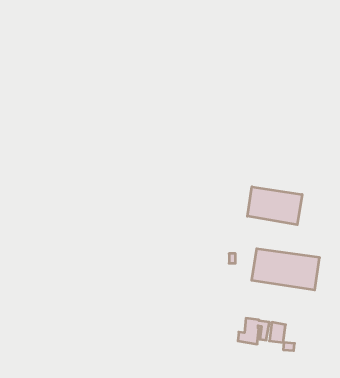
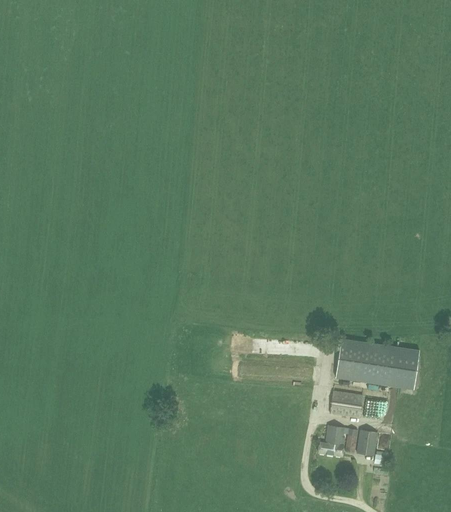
building: [247,187,302,225] -> none
building: none -> [330,391,362,418]

